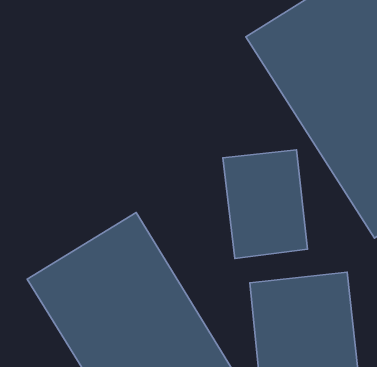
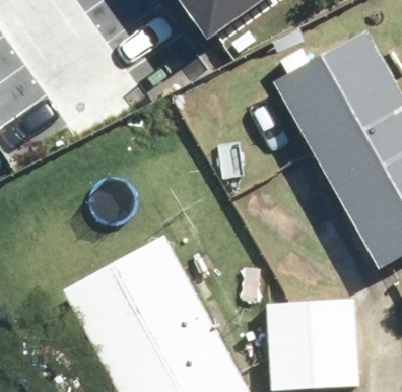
building: [223,150,308,258] -> none

